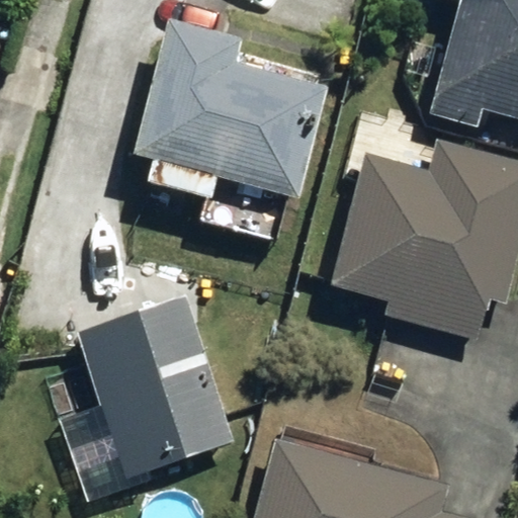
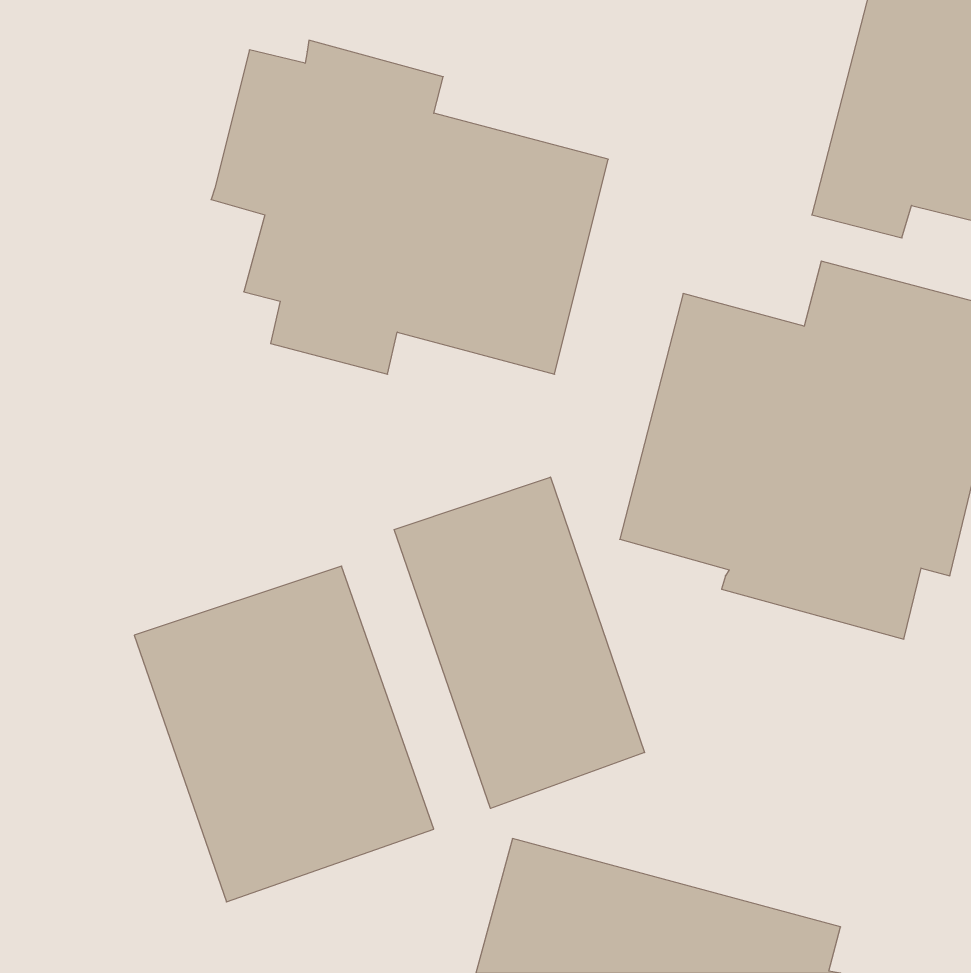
building: none -> [394,477,645,808]

